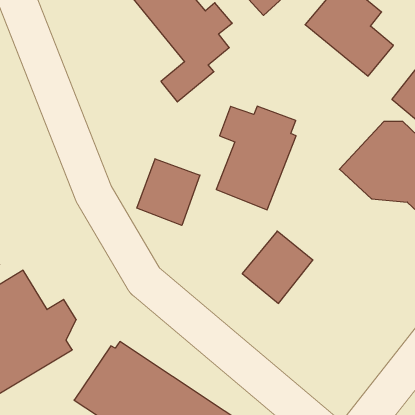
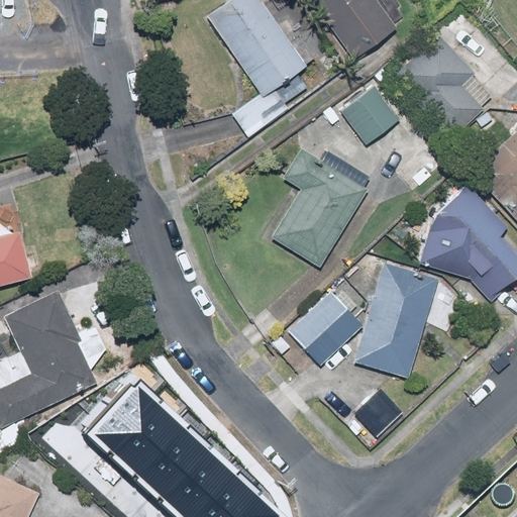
building: none -> [340,86,400,146]
building: [137,159,200,225] -> none
building: none -> [355,264,437,380]

